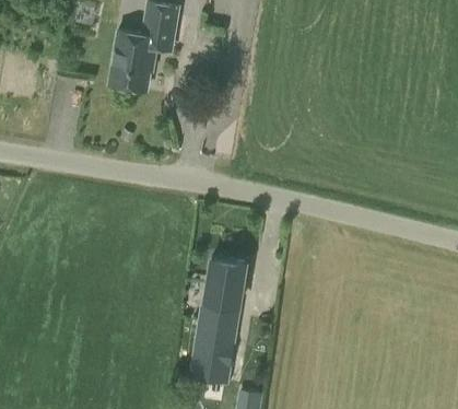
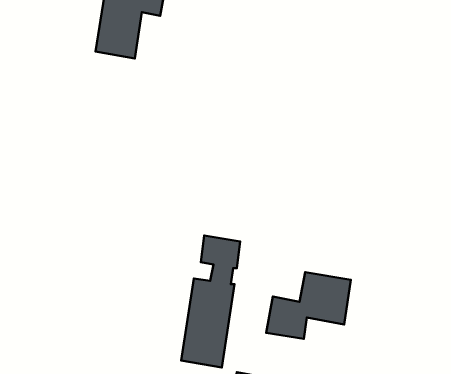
building: none -> [266,272,351,339]

